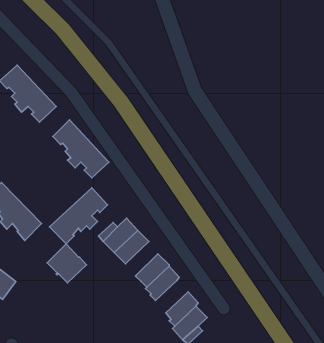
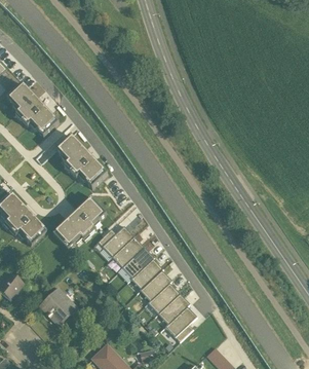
building: none -> [122,247,154,278]
building: [47,244,86,283] -> [40,290,76,326]
building: none -> [148,283,180,312]

